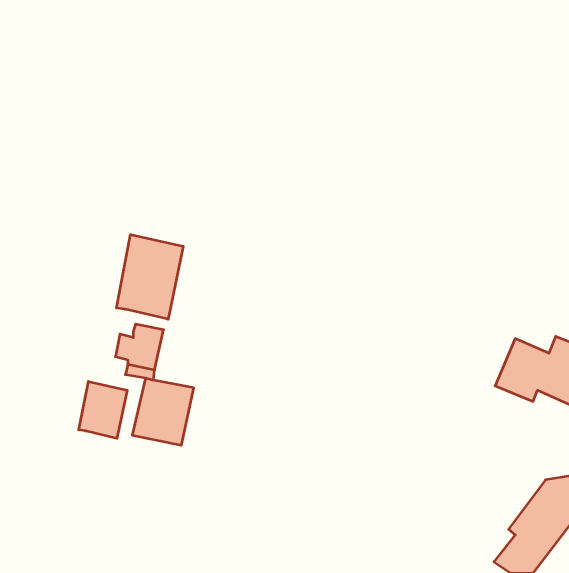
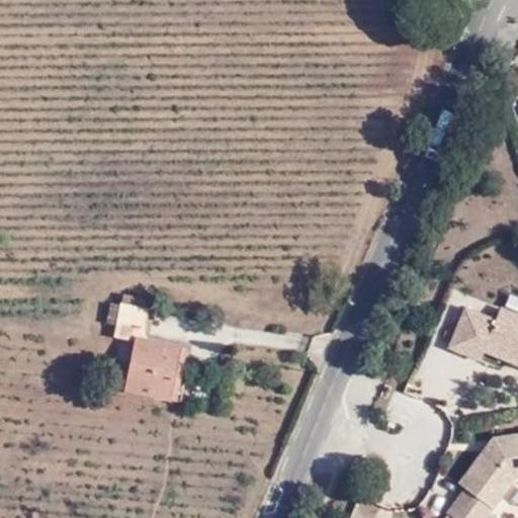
building: [116,235,183,319] -> none
building: [79,381,127,438] -> none

